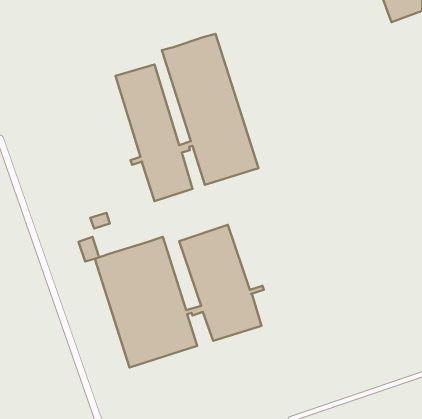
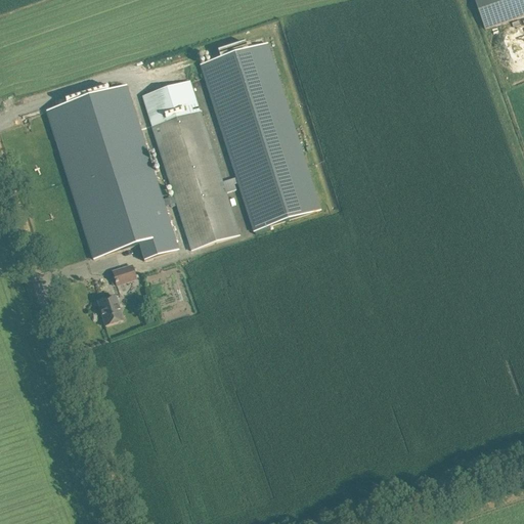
building: none -> [46,82,177,259]
building: [95,225,264,368] -> none

